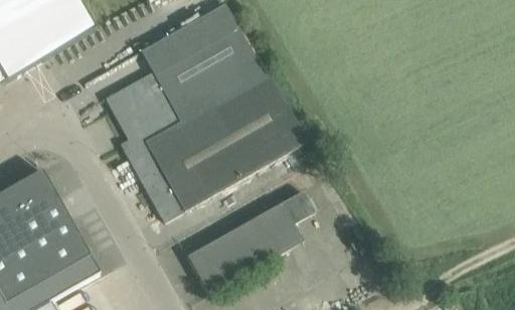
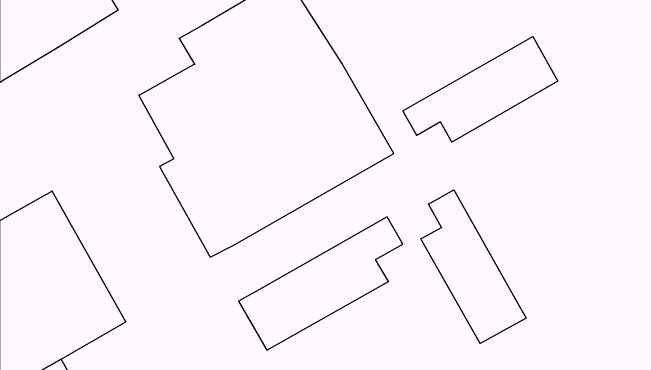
building: none -> [403,37,558,142]
building: none -> [421,190,526,344]

